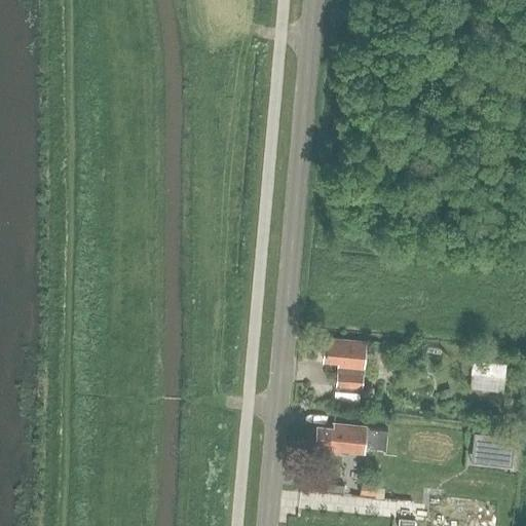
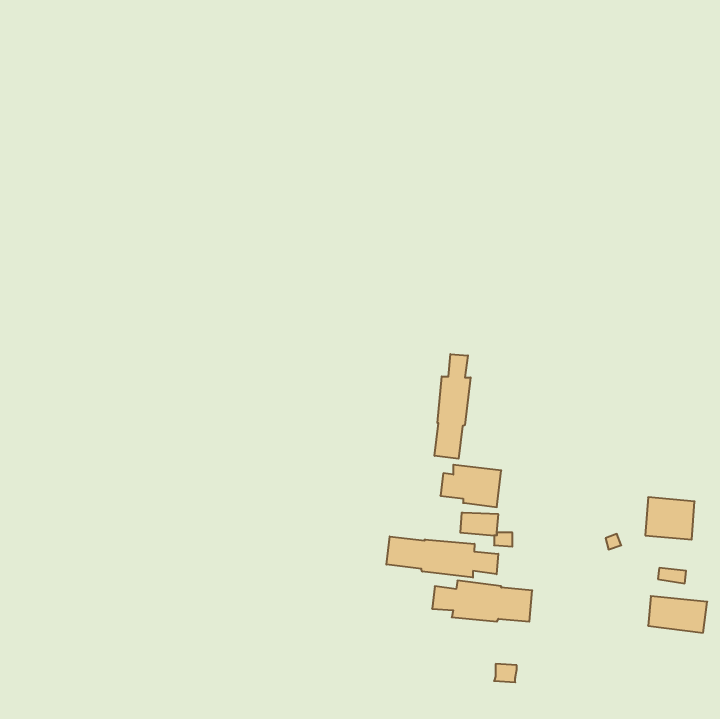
building: none -> [435,354,471,459]
building: none -> [386,536,498,578]

